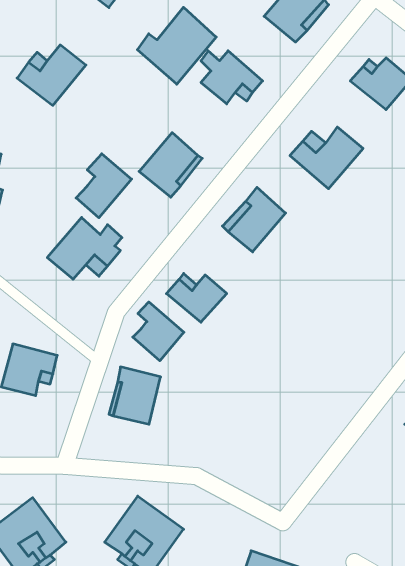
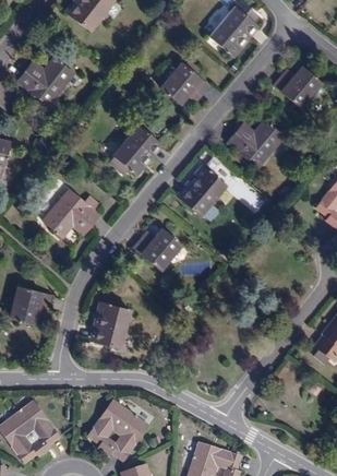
building: [137,7,216,84] -> none
building: [76,154,132,218] -> none
building: [133,302,184,361] -> none

